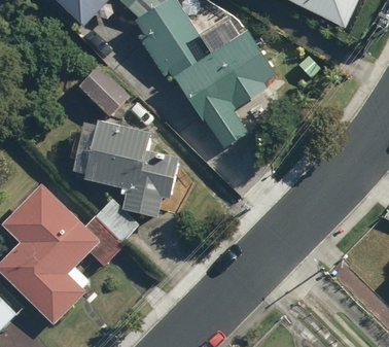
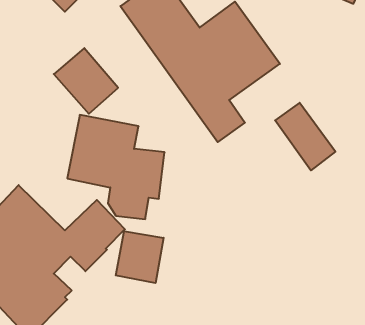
building: none -> [275,103,335,170]
building: none -> [116,231,164,283]

